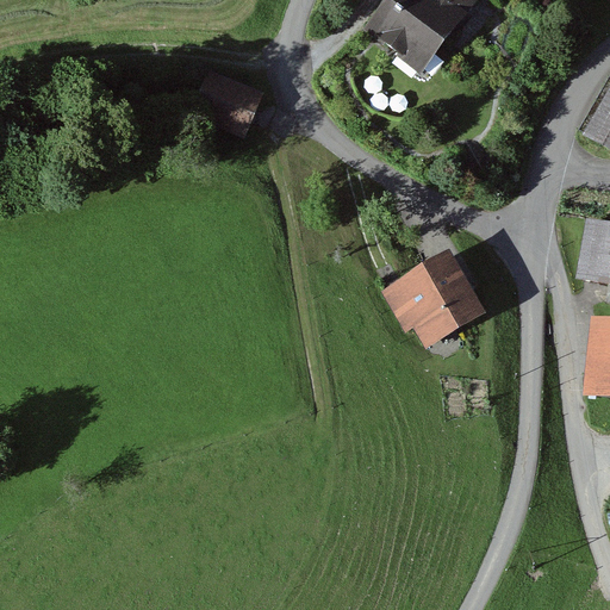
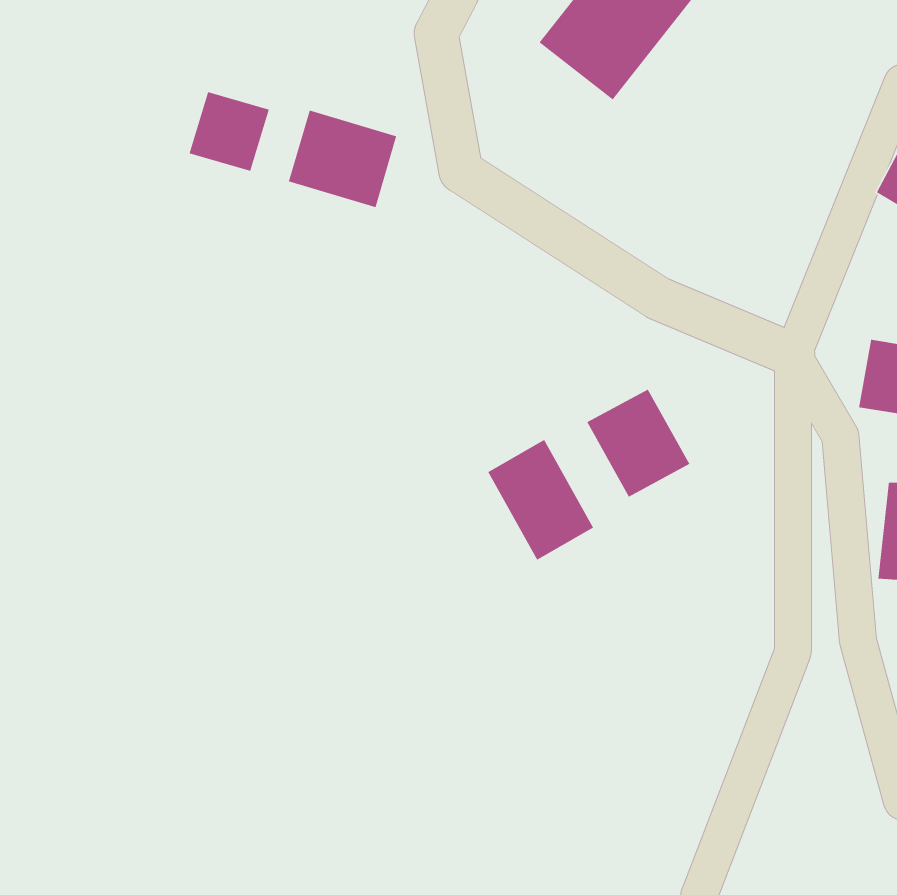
building: none -> [189,91,270,172]
building: none -> [487,439,594,561]

